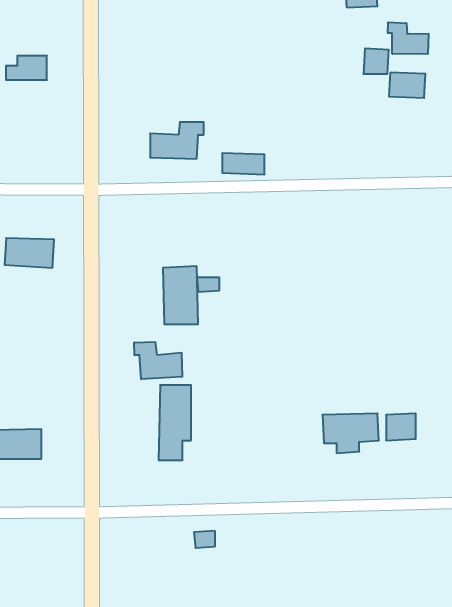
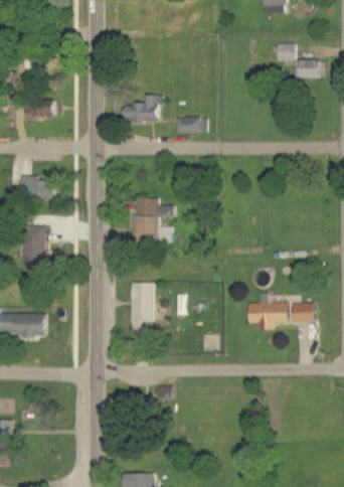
building: [388,22,429,54] -> none
building: [6,56,47,80] -> [25,99,54,116]
building: none -> [22,224,45,266]
building: [134,342,182,379] -> none

